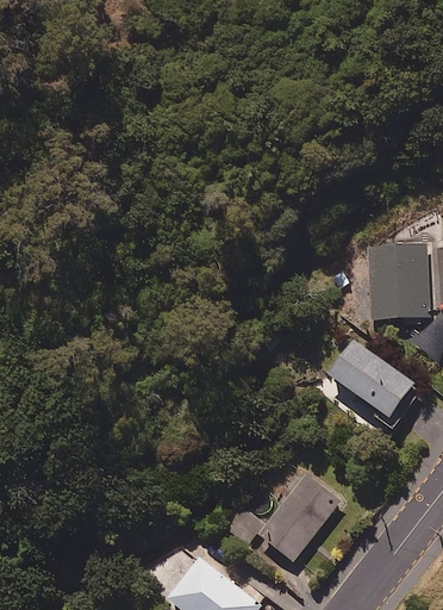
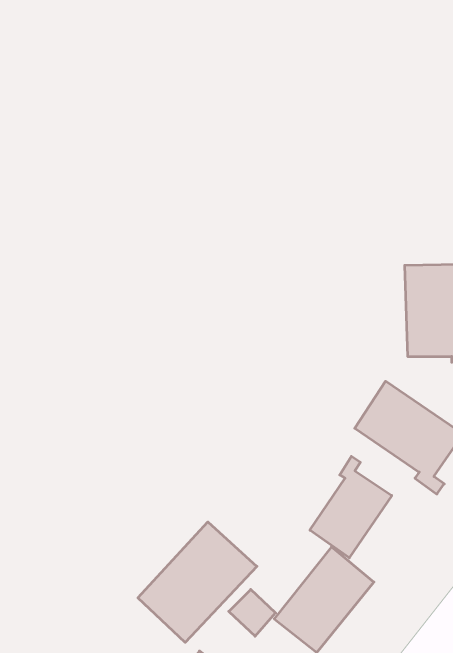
building: none -> [310,456,392,558]
building: none -> [138,522,257,642]

